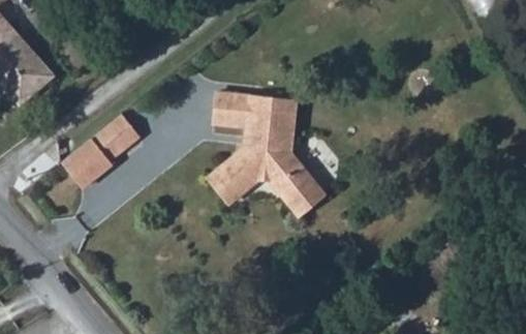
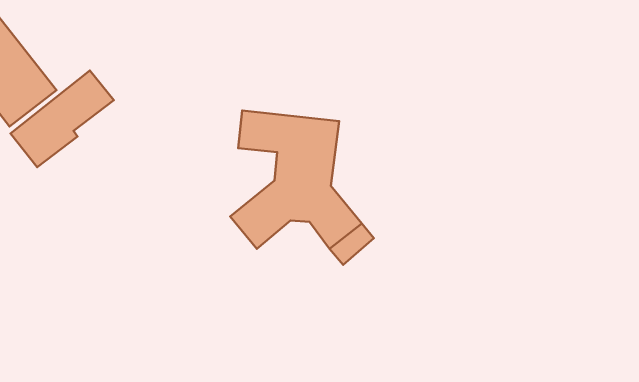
building: [64,115,144,189] -> [10,71,114,167]

